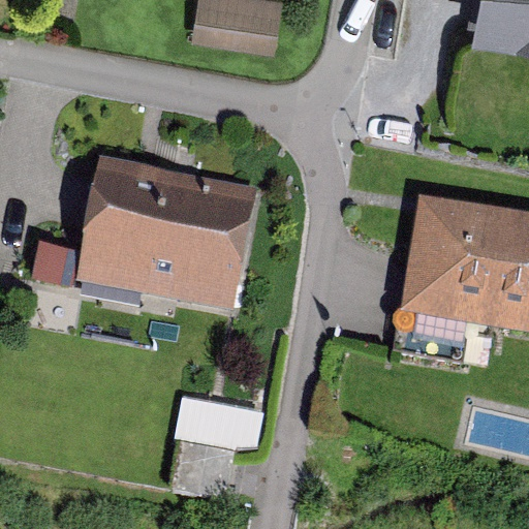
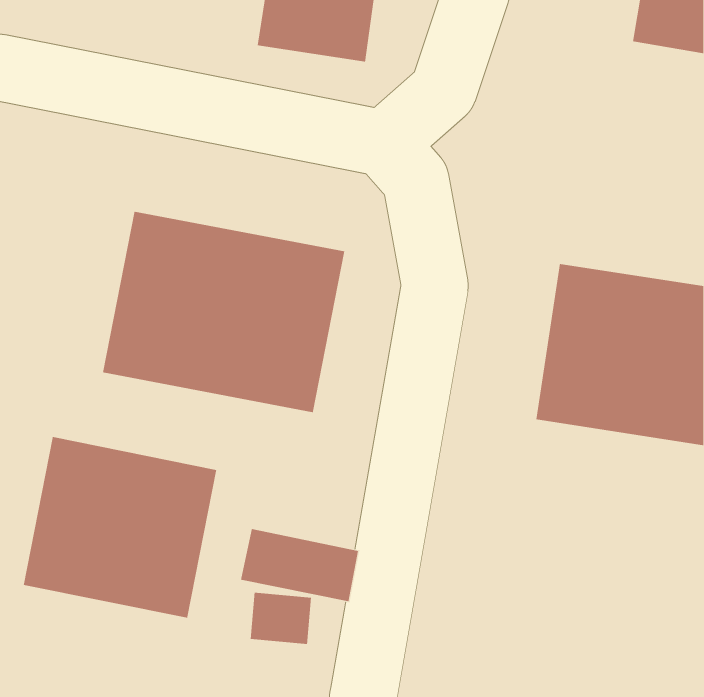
building: none -> [23,436,217,619]

